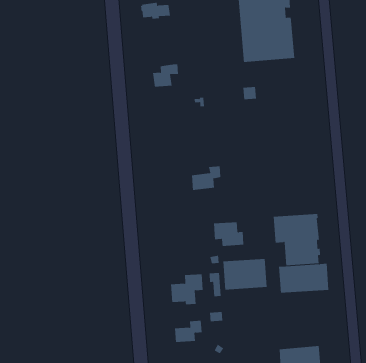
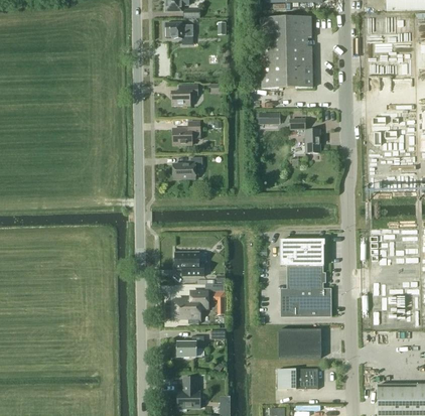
building: none -> [290,119,320,153]
building: none -> [172,121,200,144]
building: [191,166,221,190] -> [173,157,202,179]
building: [213,222,244,246] -> [174,253,203,276]
building: [222,258,267,290] -> [278,329,320,358]

